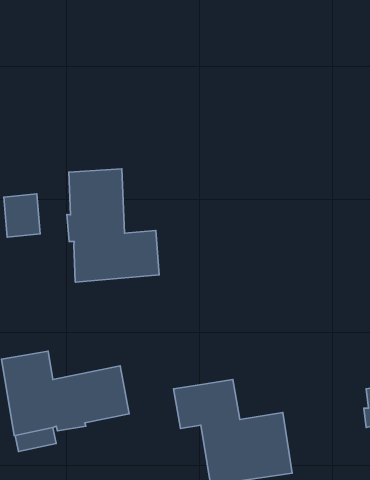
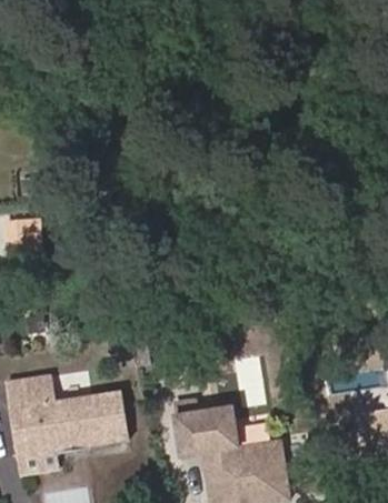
building: [67,169,159,282] -> none

